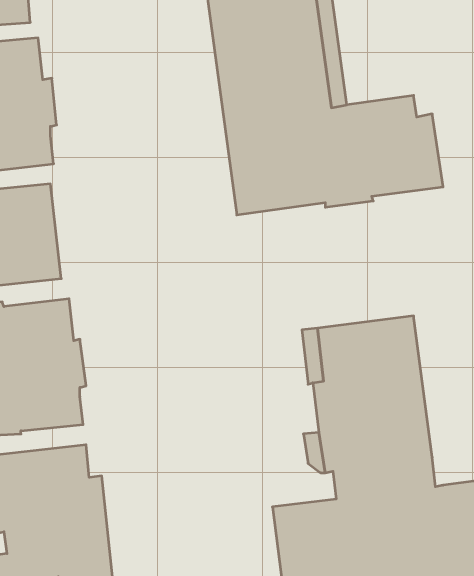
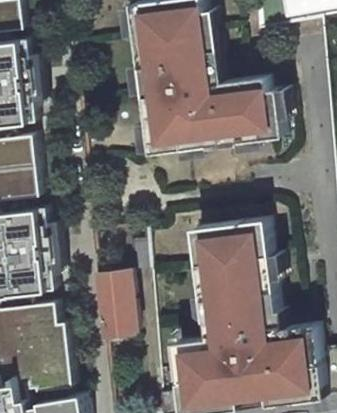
building: none -> [95,271,136,337]

